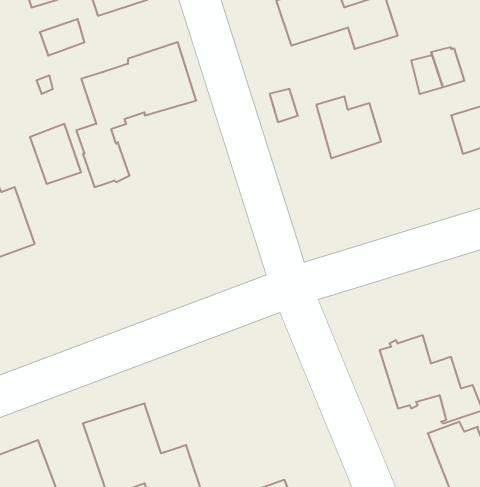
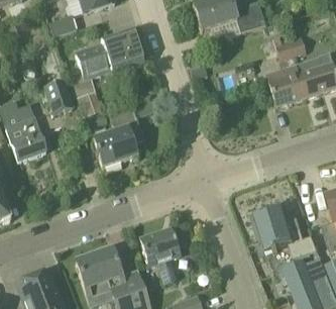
building: [316,97,381,158] -> [266,68,306,105]
building: none -> [94,107,144,166]
building: none -> [138,228,178,283]

